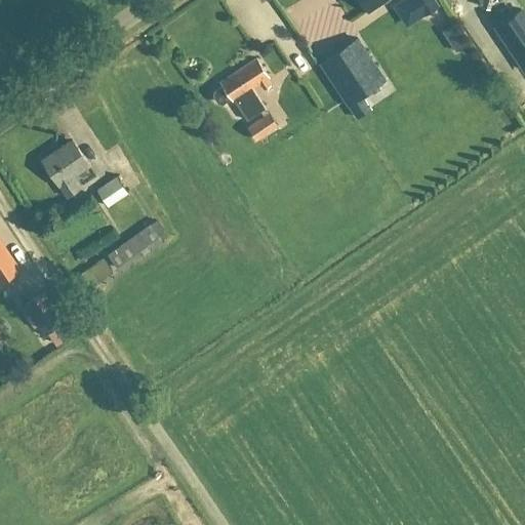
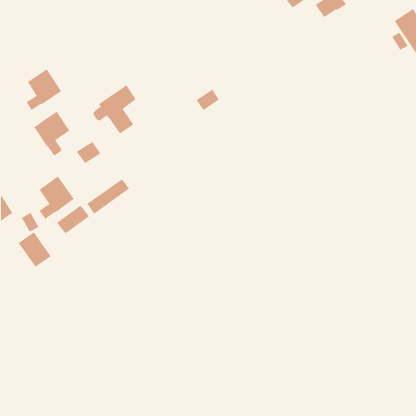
building: [321,39,386,105] -> none
building: [213,57,269,120] -> [93,84,137,134]
building: none -> [26,68,62,111]
building: none -> [39,175,75,220]

